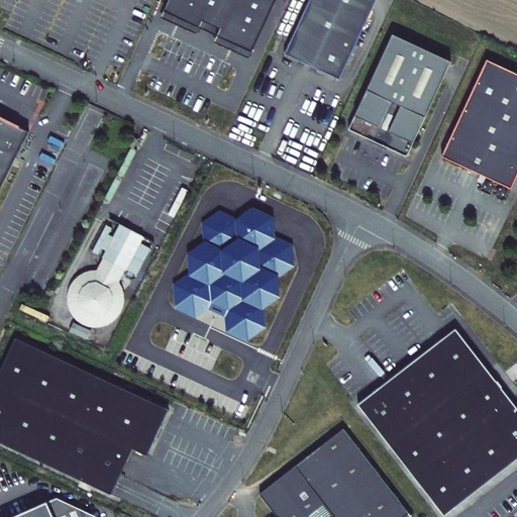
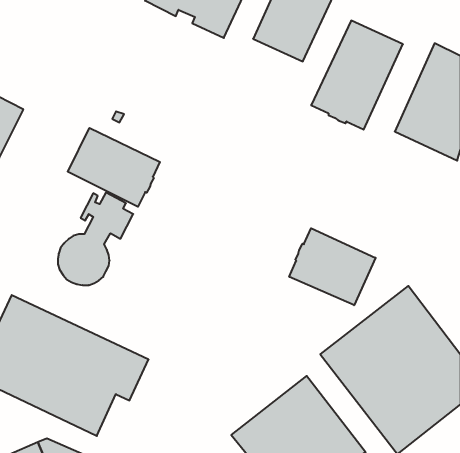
building: none -> [68,128,160,207]
building: [172,211,295,344] -> none
building: none -> [289,228,376,305]

